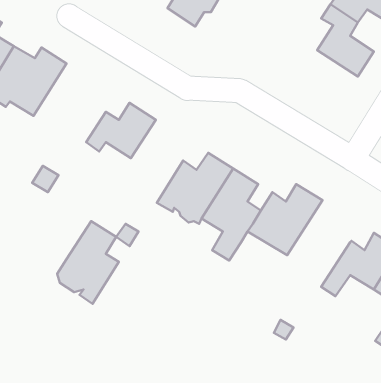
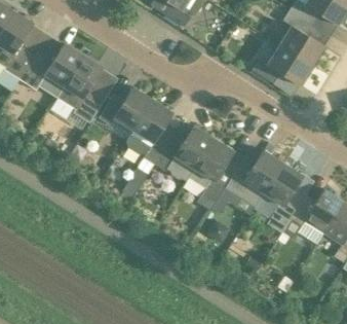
building: none -> [252,45,311,85]
building: none -> [57,56,110,122]
building: none -> [256,163,305,232]
building: [57,221,119,304] -> [126,100,175,165]

